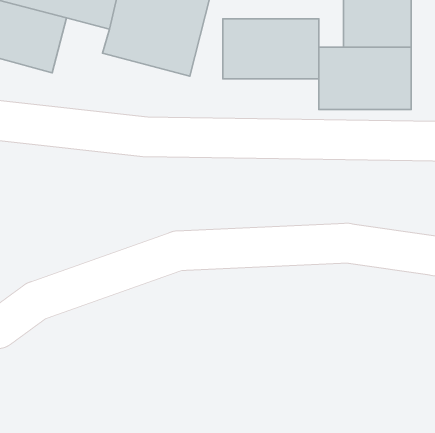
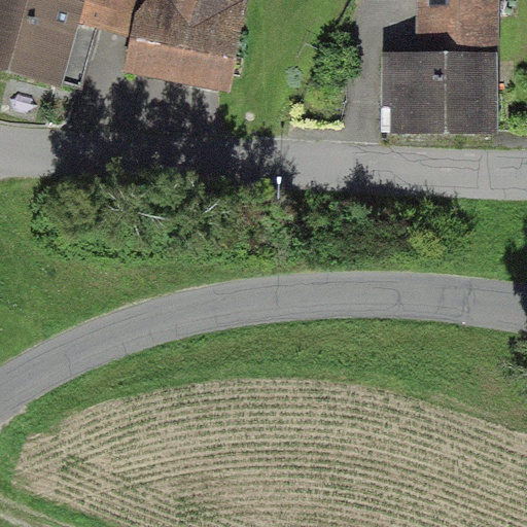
building: [223,19,319,79] -> none

